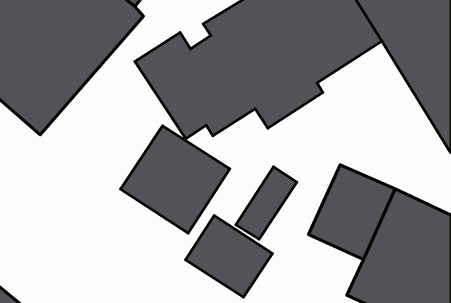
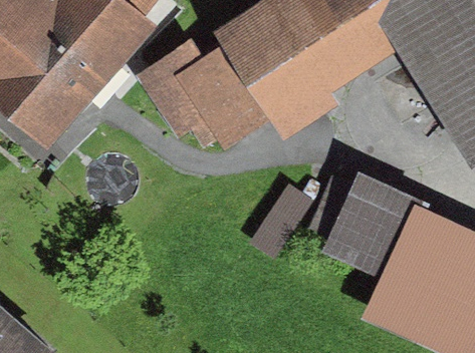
building: [120,126,230,233] -> none
building: [186,215,273,297] -> none

